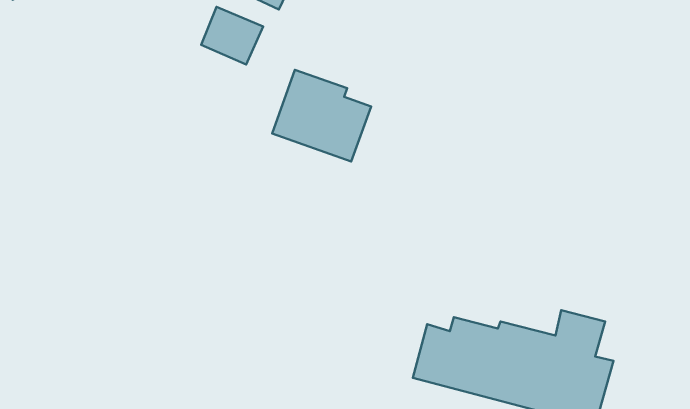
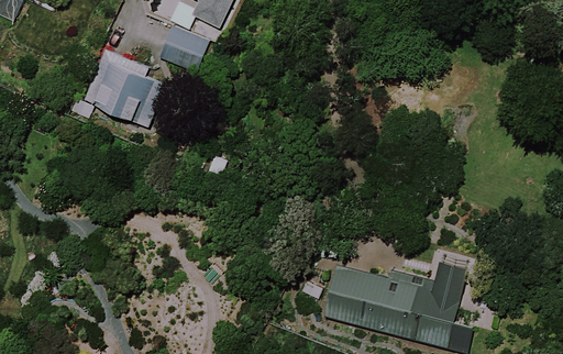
building: [272,70,371,162] -> [85,53,162,124]

